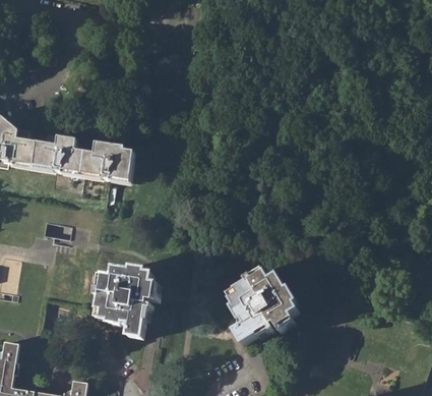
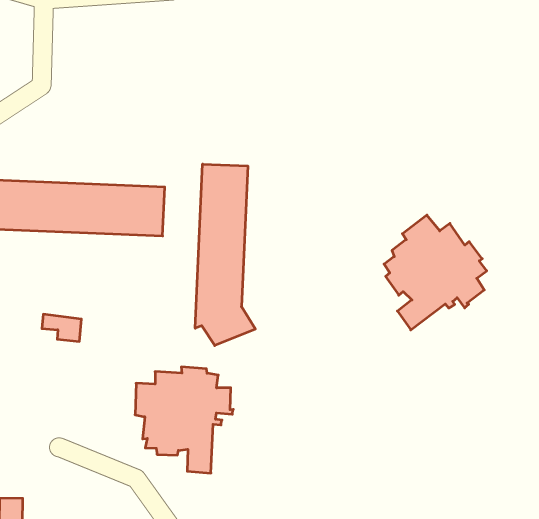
building: none -> [195,164,255,346]
building: [229,269,295,342] -> [384,215,487,330]

